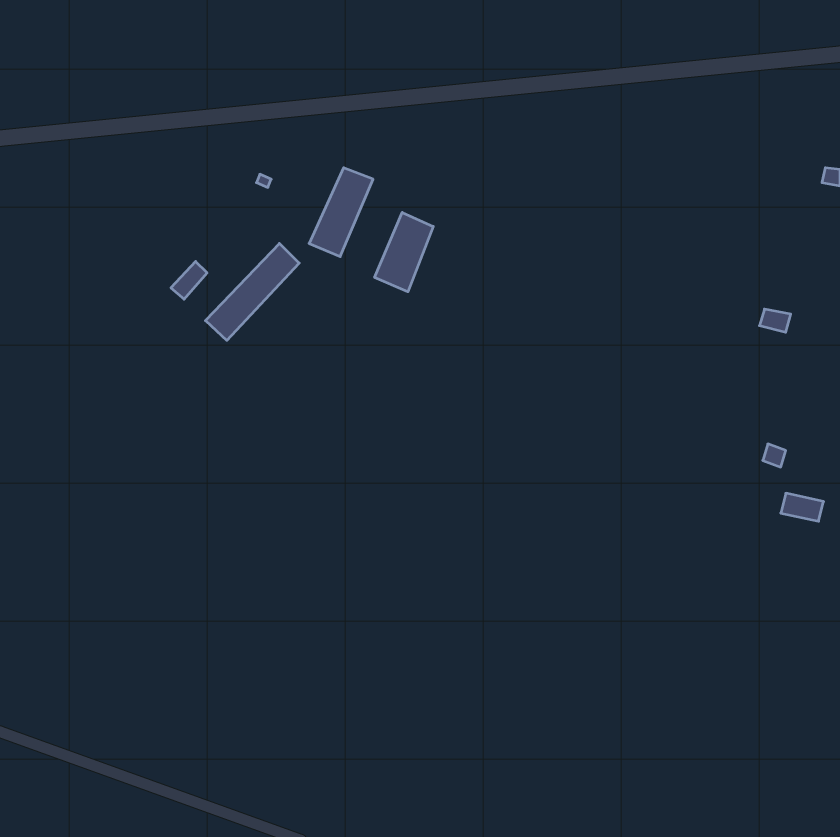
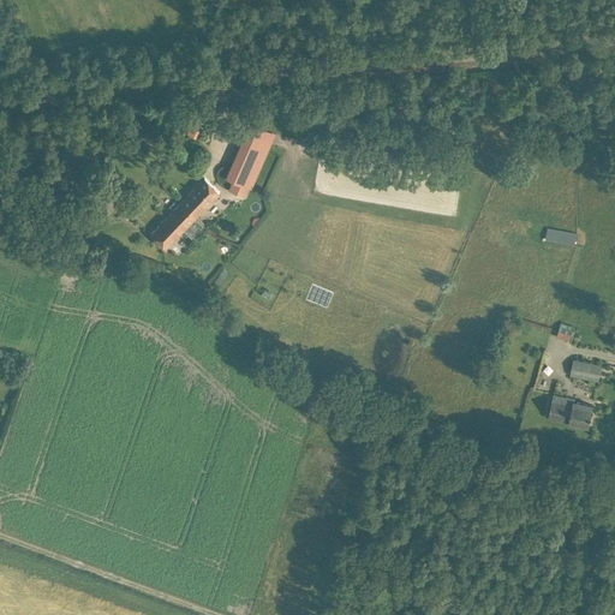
building: [375,212,433,292] -> none
building: none -> [549,396,593,429]

